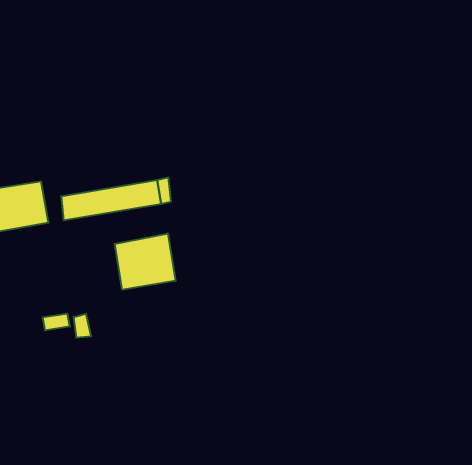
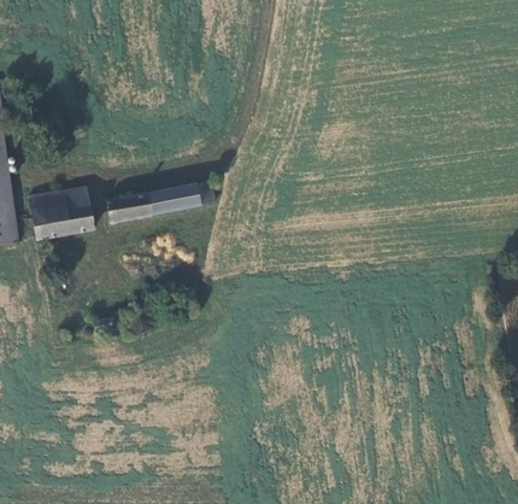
building: [115,233,176,290] -> none

